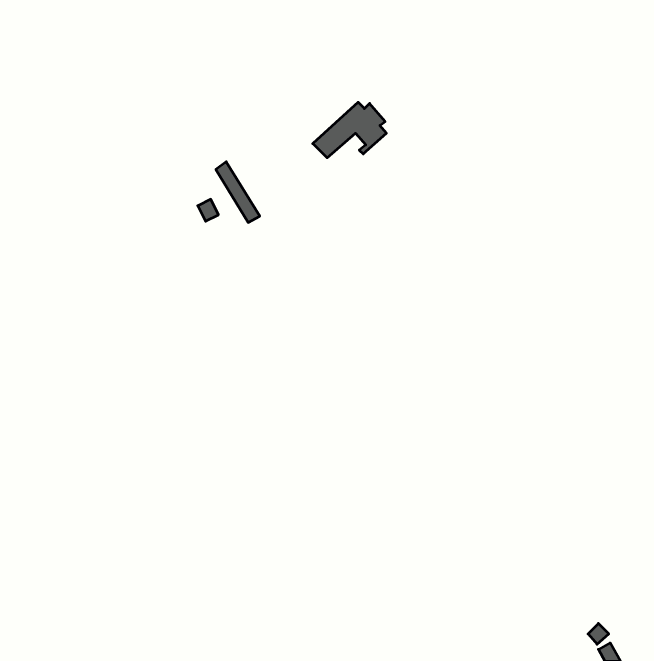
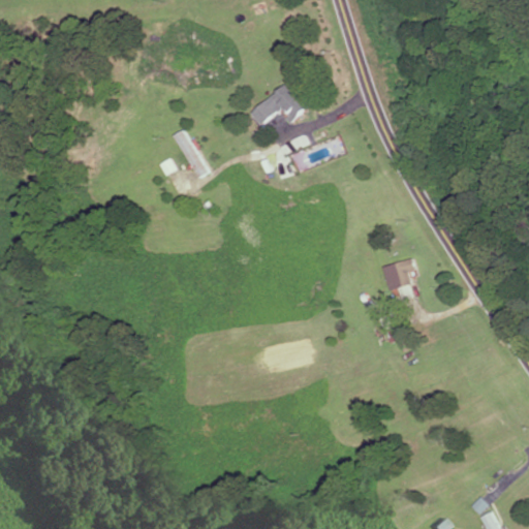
building: none -> [383,260,413,290]

